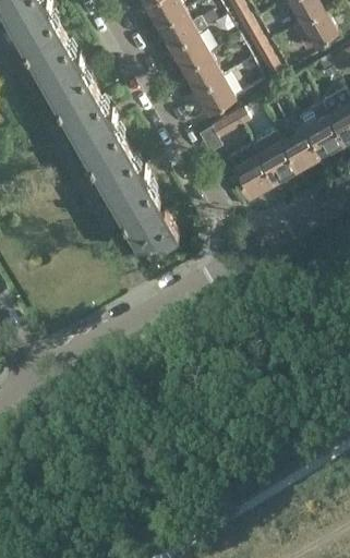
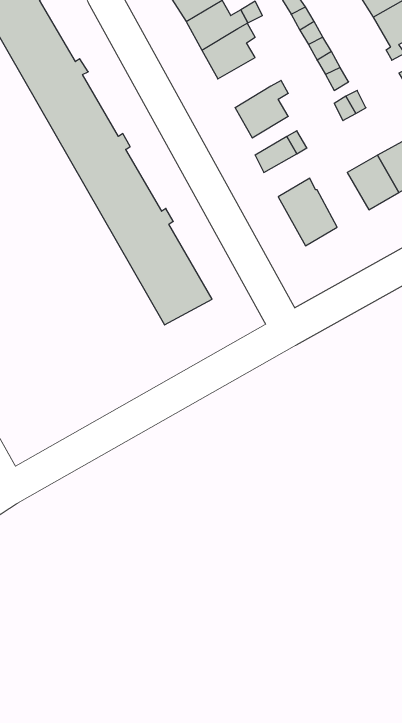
building: [179,51,219,89] -> none
building: [254,138,293,180] -> none

